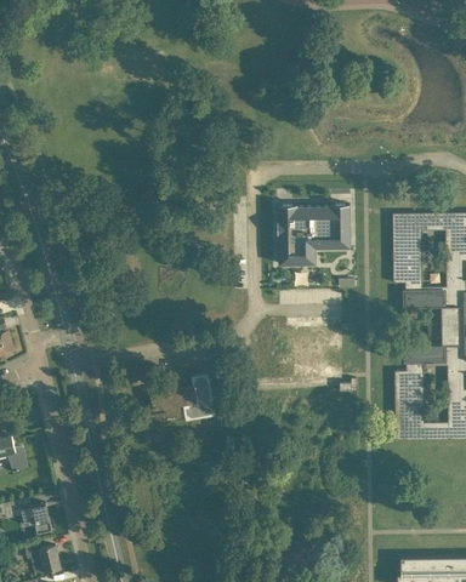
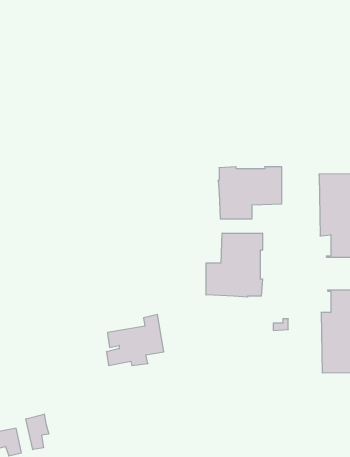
building: none -> [206,233,262,297]
building: none -> [26,414,49,450]

